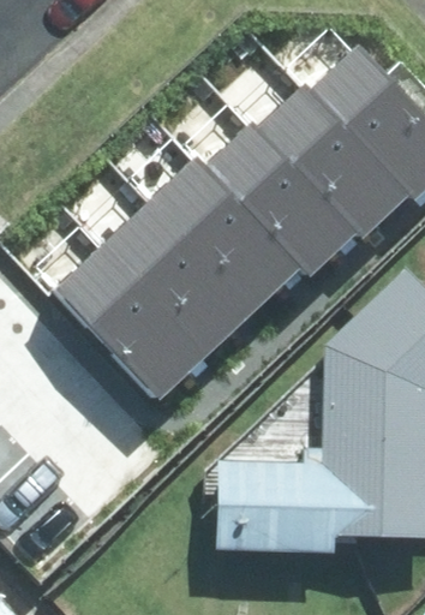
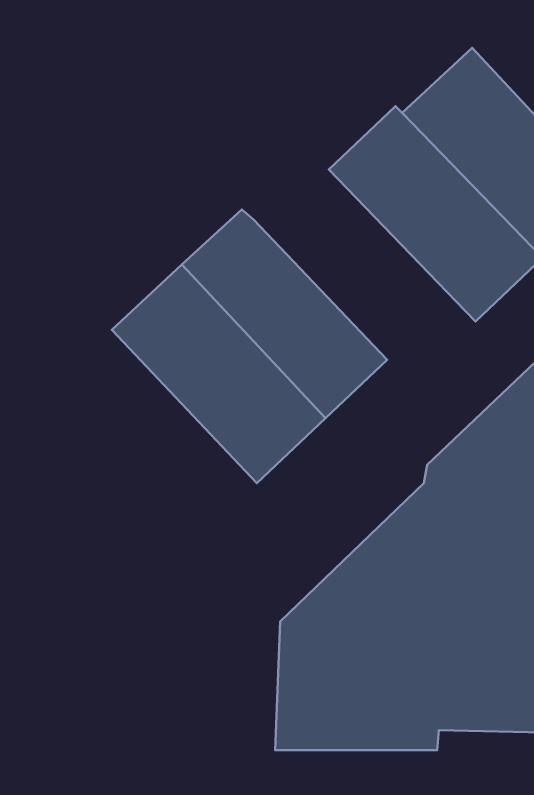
building: [202,126,354,279] -> none
building: [52,247,204,401] -> none

